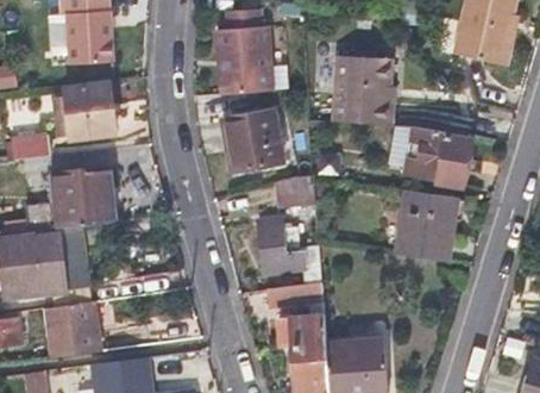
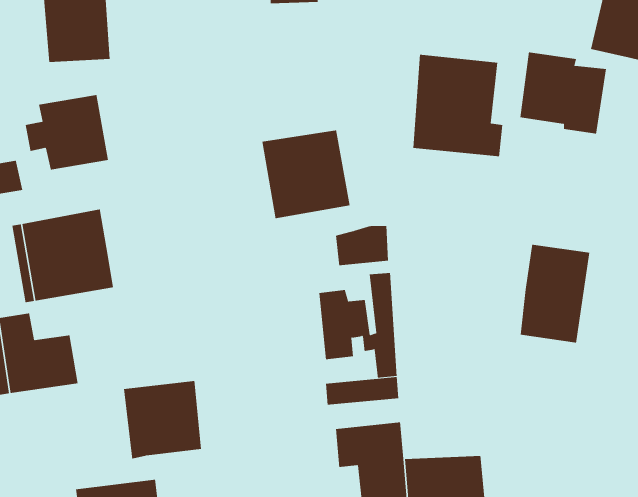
building: [219,25,270,93] -> none
building: [408,131,470,189] -> [520,52,607,134]
building: [48,306,103,362] -> [123,380,202,459]

